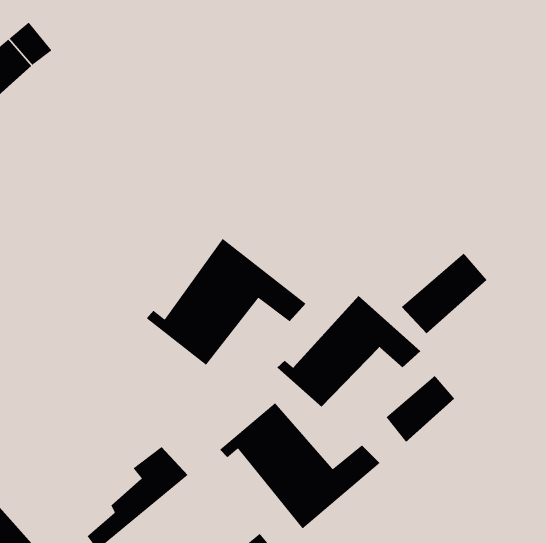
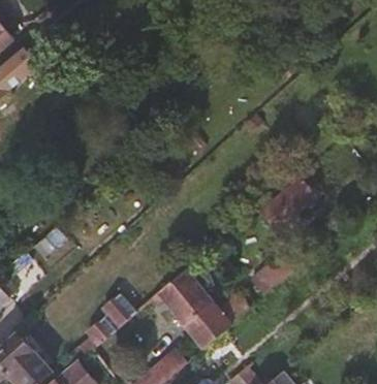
building: [146,238,307,366] -> none
building: [277,295,421,407] -> none

